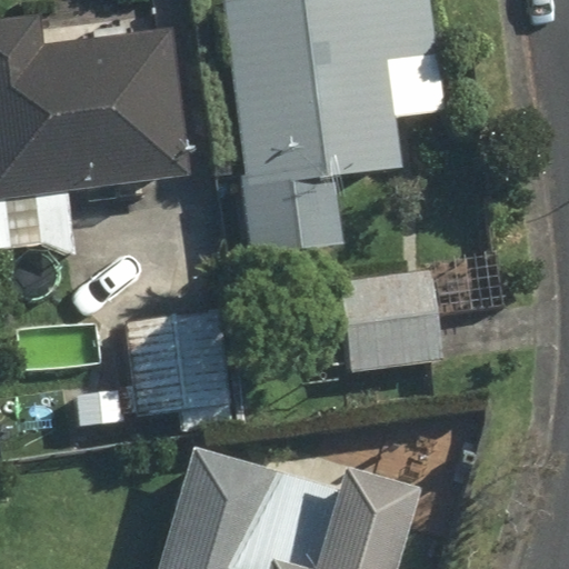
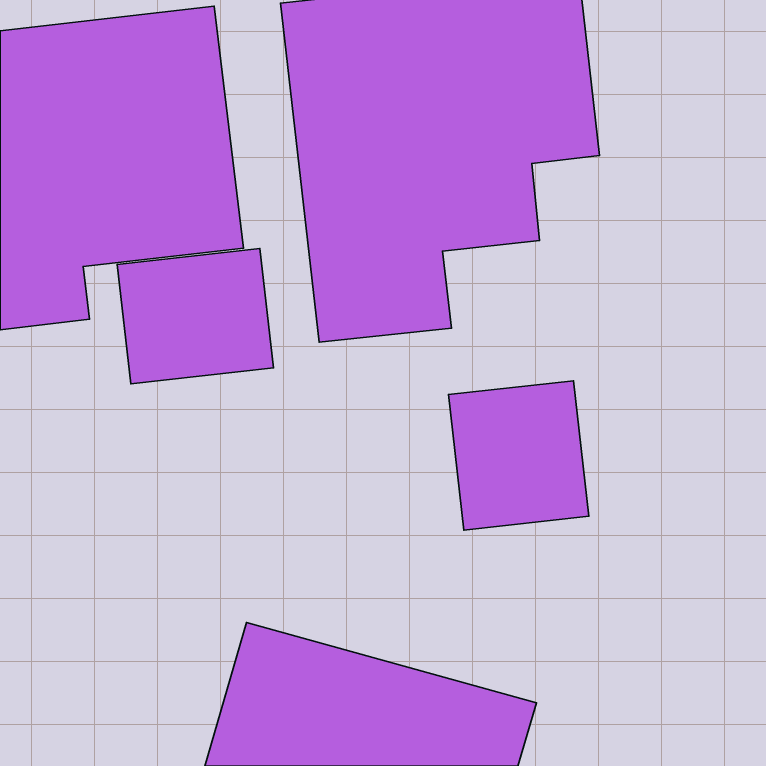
building: none -> [117,249,273,384]
building: [84,311,238,418] -> none

